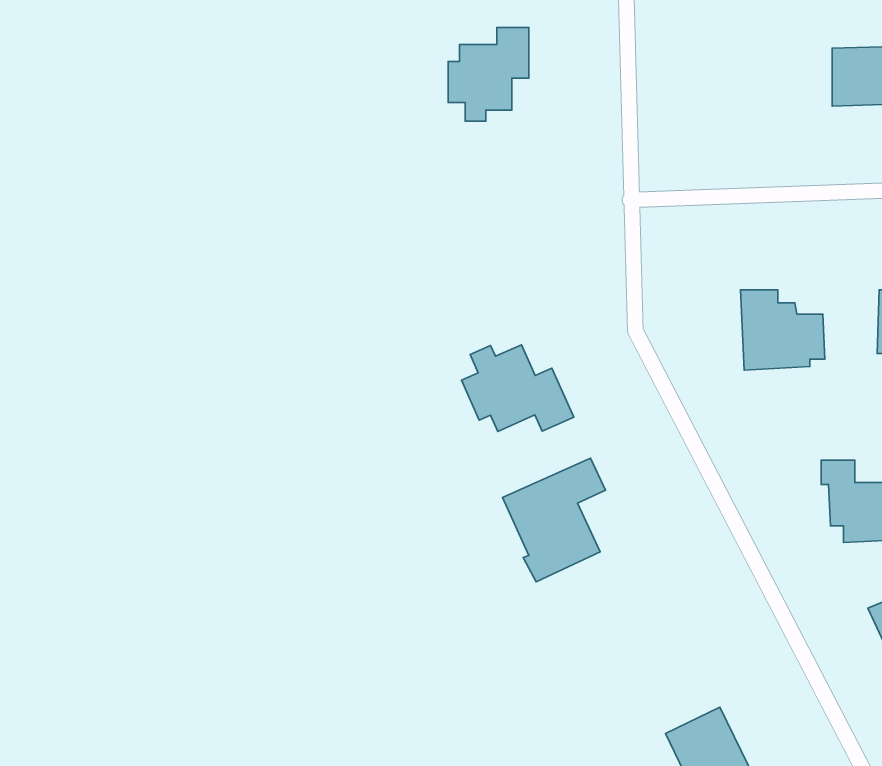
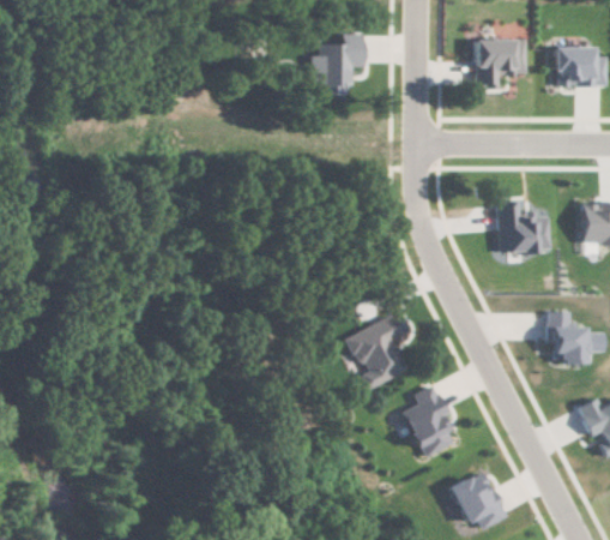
building: none -> [475,38,526,85]
building: [461,345,574,431] -> none
building: none -> [403,383,454,456]

